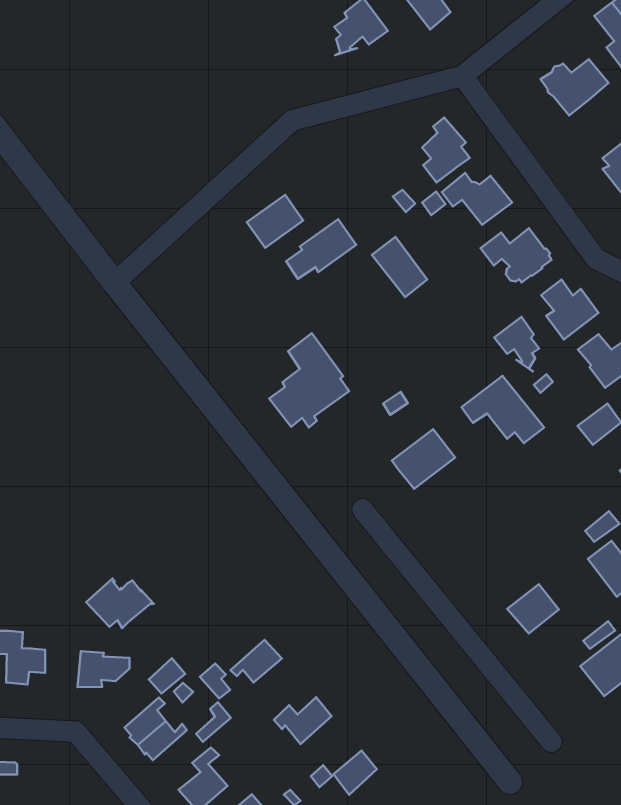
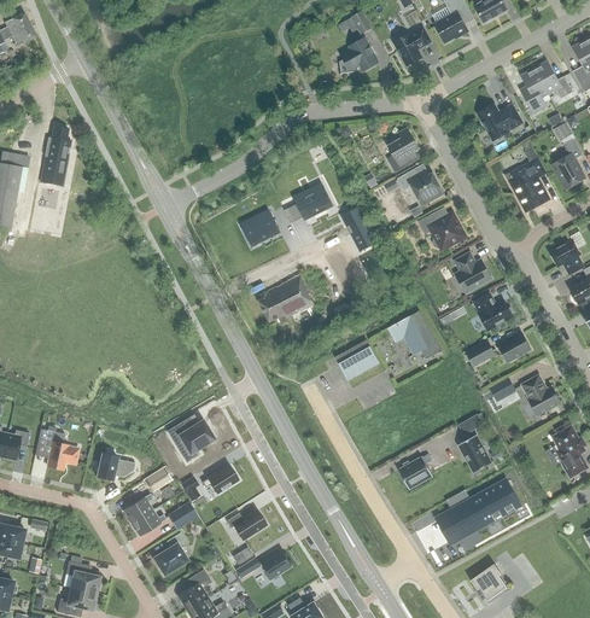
building: [247,195,303,248] -> [241,212,280,246]
building: [494,317,539,372] -> none
building: [86,578,154,628] -> [168,418,214,453]

